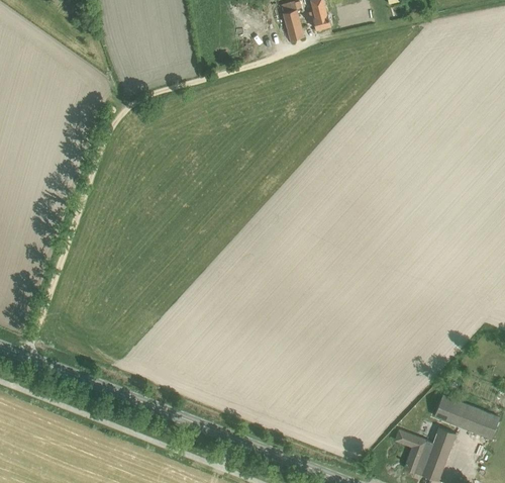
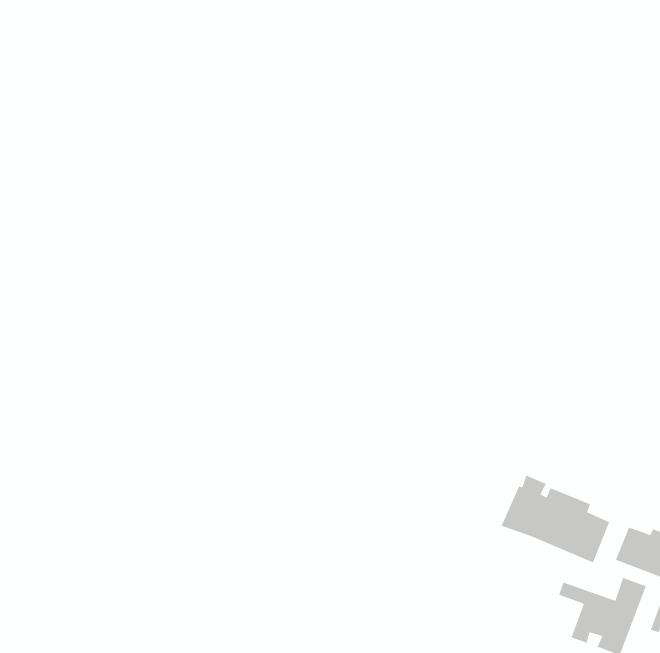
building: none -> [501,475,610,564]

